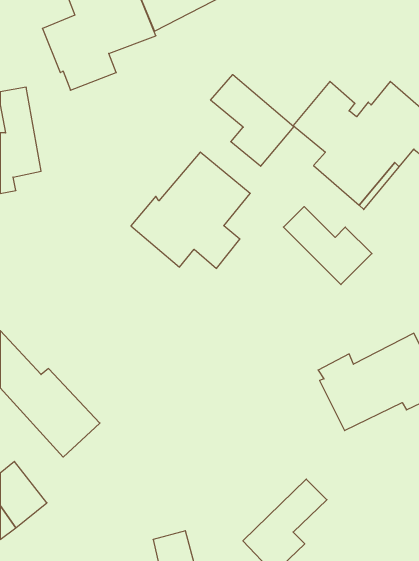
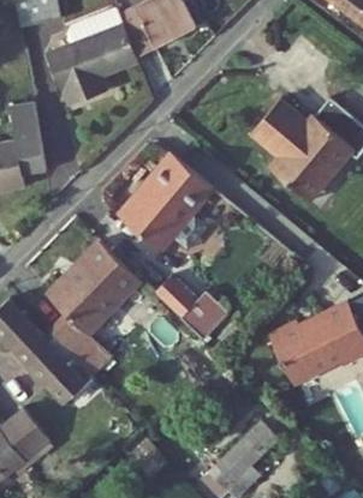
building: [211,75,294,166] -> none
building: [283,207,372,285] -> [153,276,225,340]
building: none -> [46,241,138,377]

